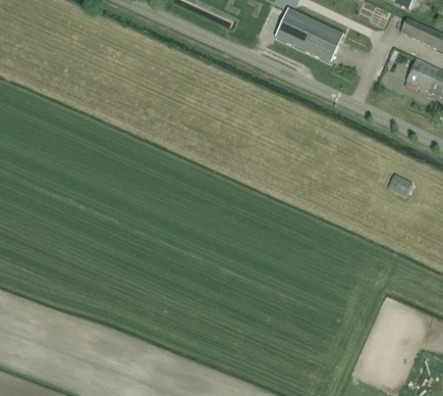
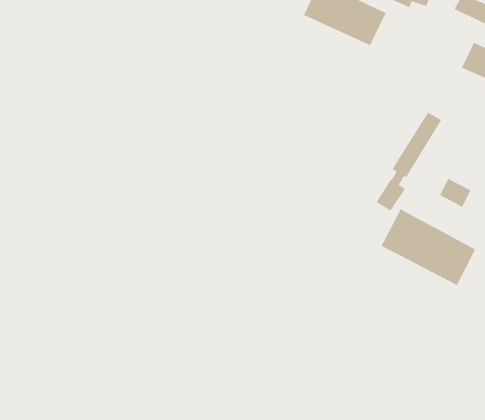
building: none -> [376,112,442,212]
building: none -> [381,209,476,286]

